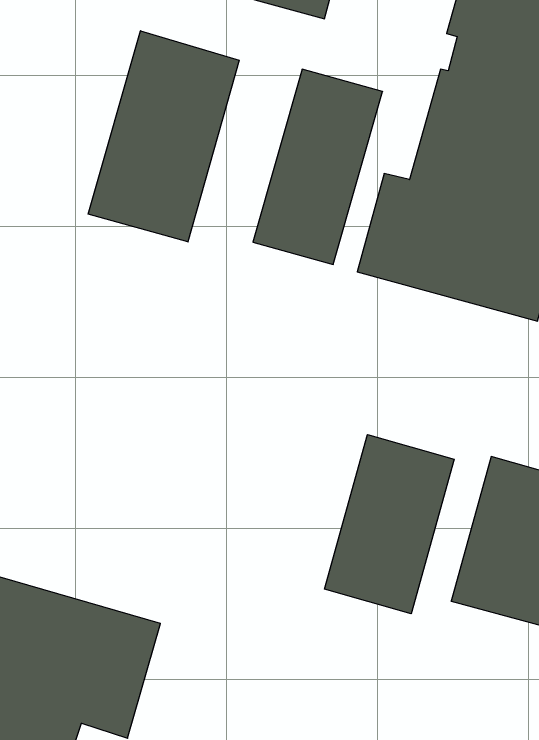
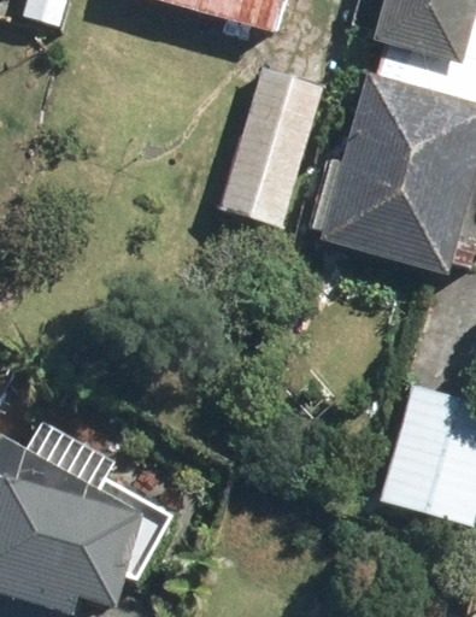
building: [88,31,239,242] -> none
building: [324,435,454,614] -> none

